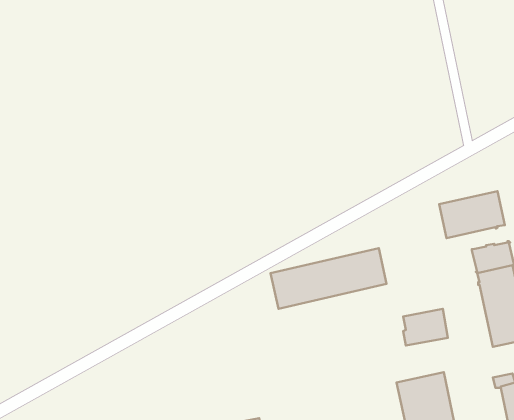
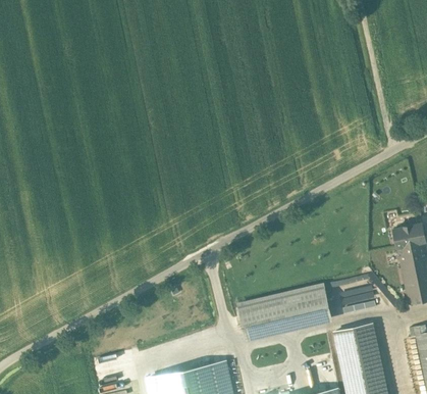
building: [439,191,505,238] -> none
building: [270,248,387,309] -> [239,286,329,333]

